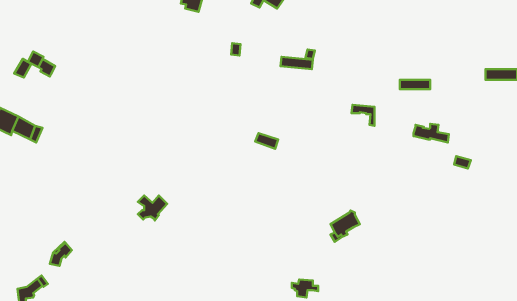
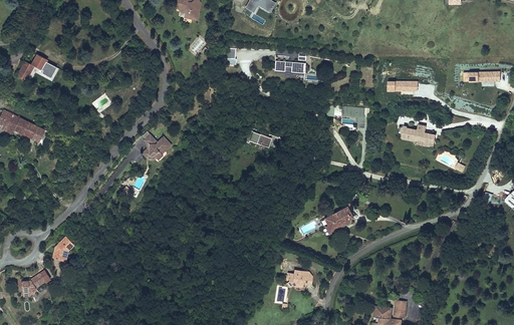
building: [138,195,167,221] -> [143,133,171,157]

